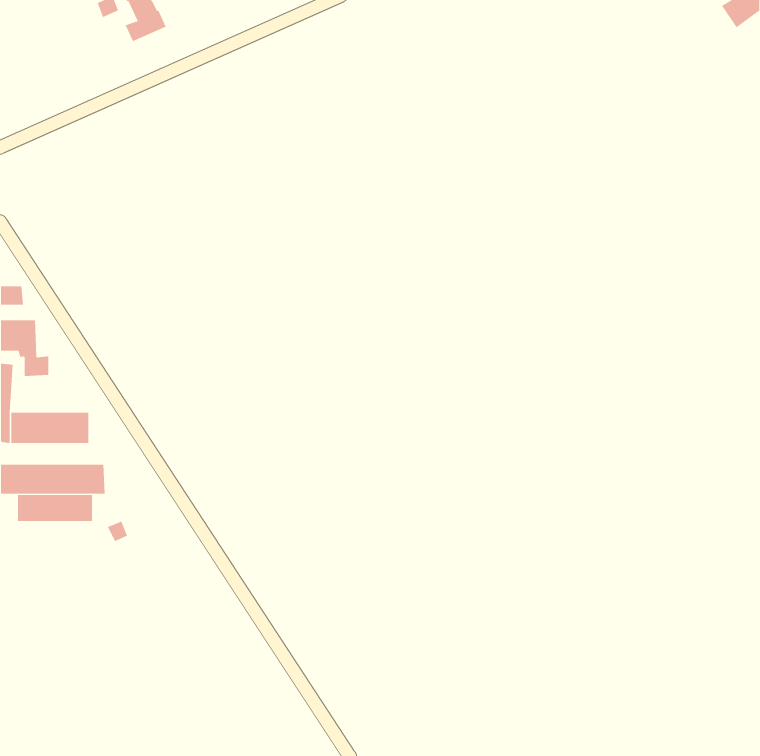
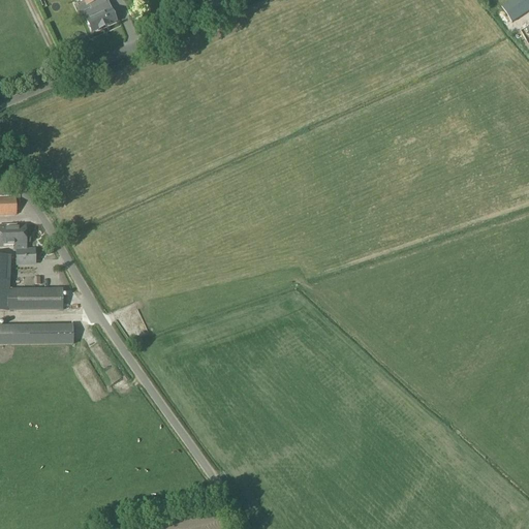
building: [17,494,93,522] -> none

